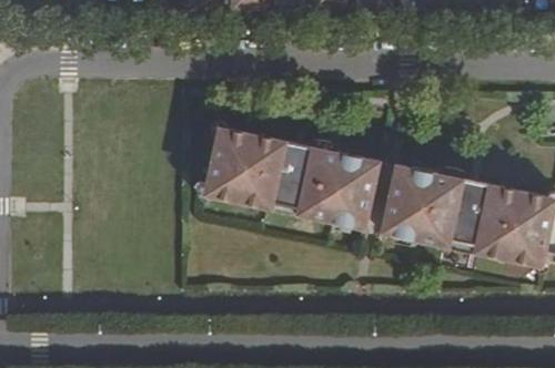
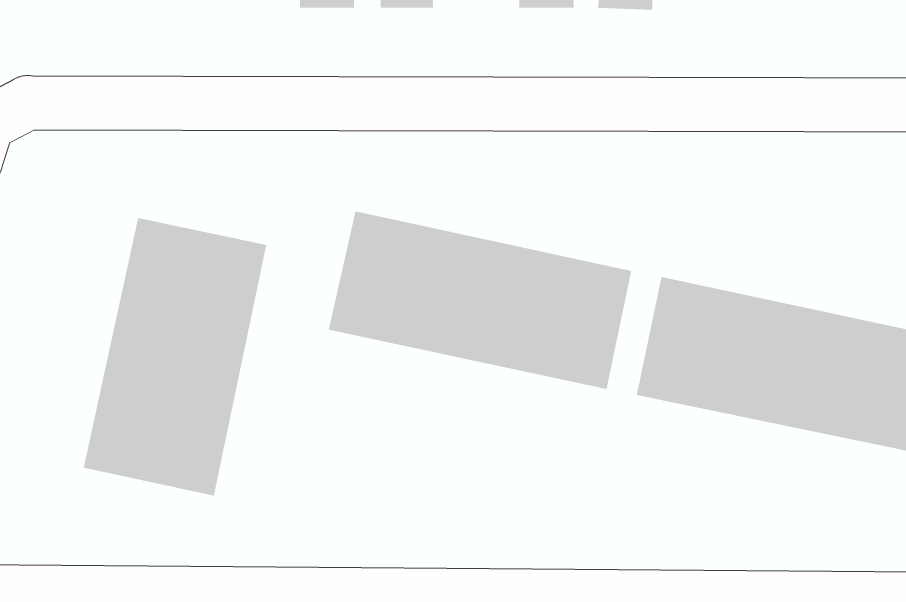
building: none -> [83,217,267,496]

